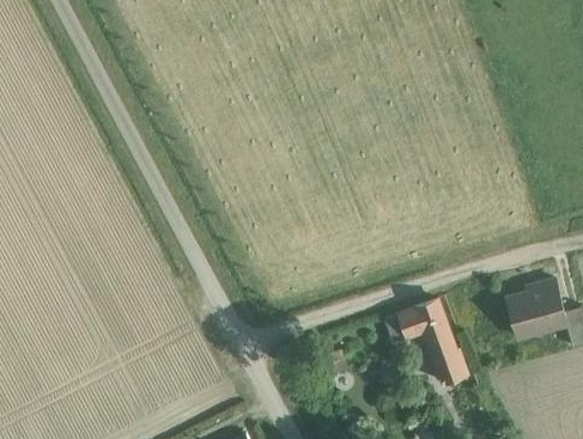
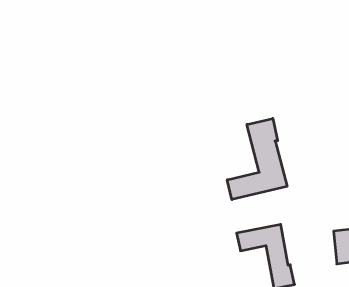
building: none -> [227,118,287,200]

